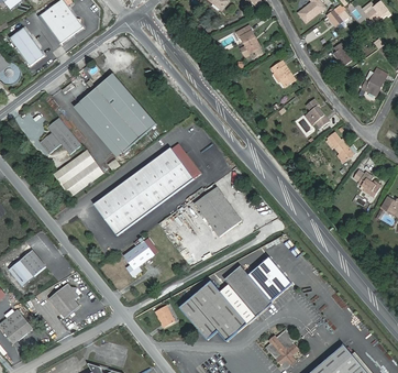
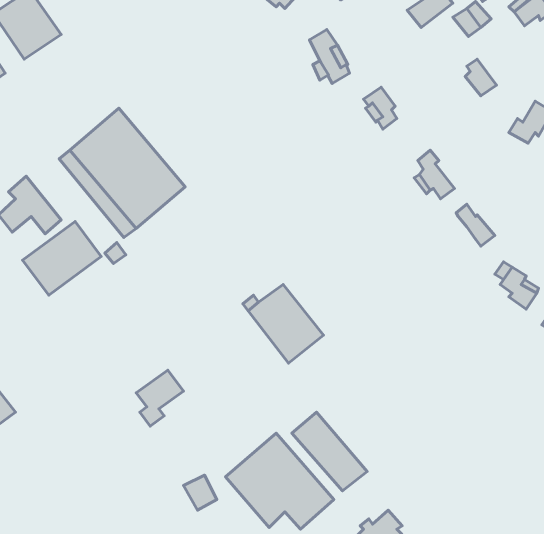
building: [93,142,200,233] -> none
building: [250,259,286,294] -> none
building: [52,281,82,317] -> none

